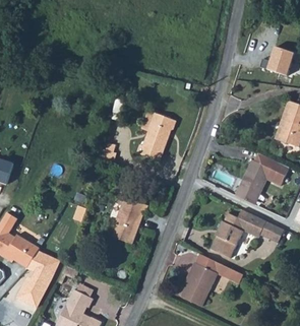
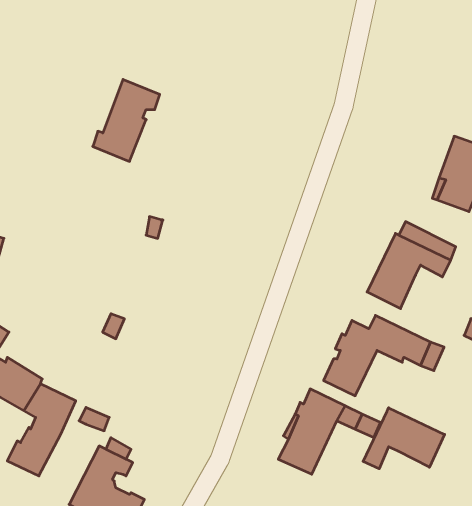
building: [266,45,293,73] -> none
building: [137,113,178,162] -> [93,79,160,161]
building: [112,195,146,244] -> none
building: none -> [363,408,445,469]

